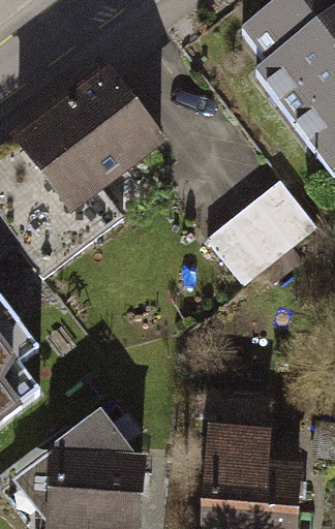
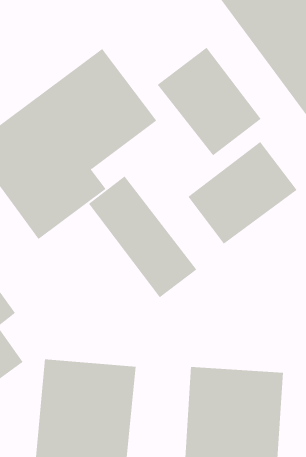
building: none -> [157,47,262,156]
building: none -> [88,176,197,298]

